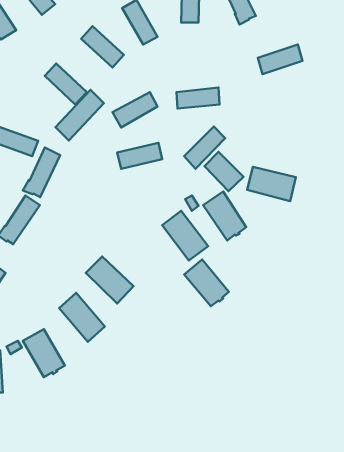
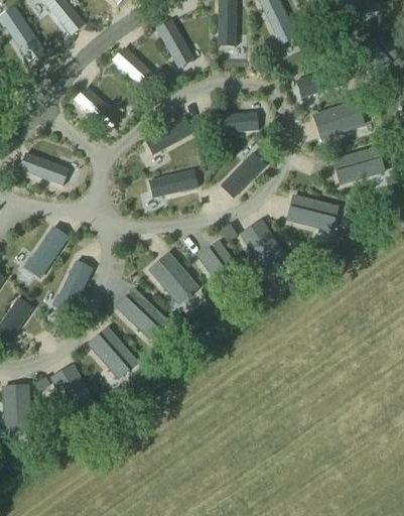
building: none -> [313,100,364,138]
building: [56,90,104,141] -> none
building: none -> [333,145,385,182]
building: [23,147,60,197] -> [52,259,92,311]
building: [205,152,243,191] -> none
building: [184,259,229,306] -> [150,253,197,302]

